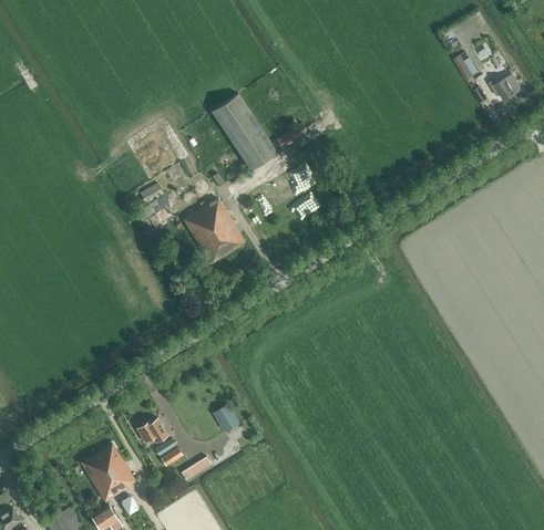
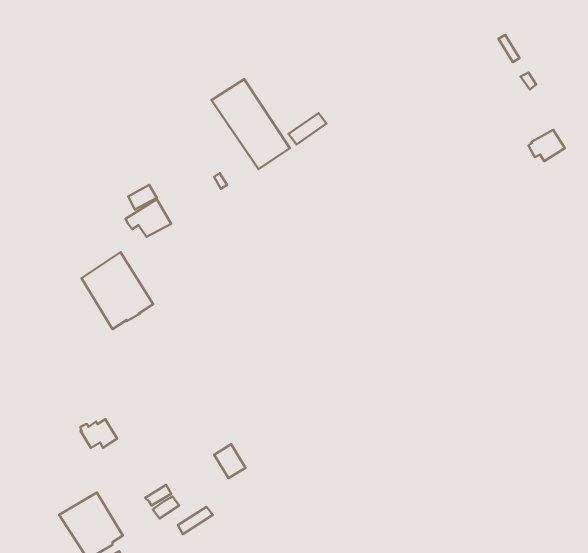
building: [491,74,522,101] -> [528,130,565,161]
building: [184,198,245,263] -> [81,252,153,329]
building: [136,418,167,443] -> [81,419,117,448]

